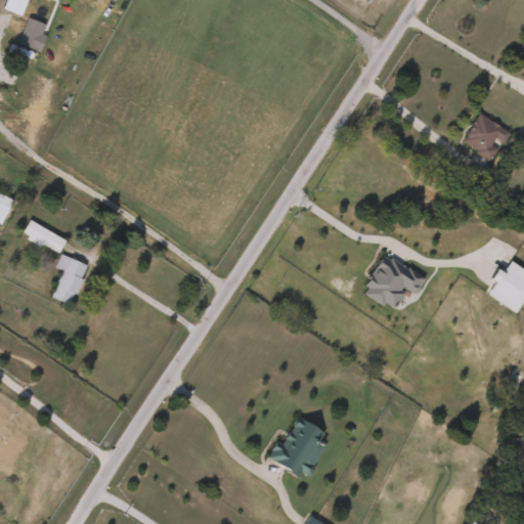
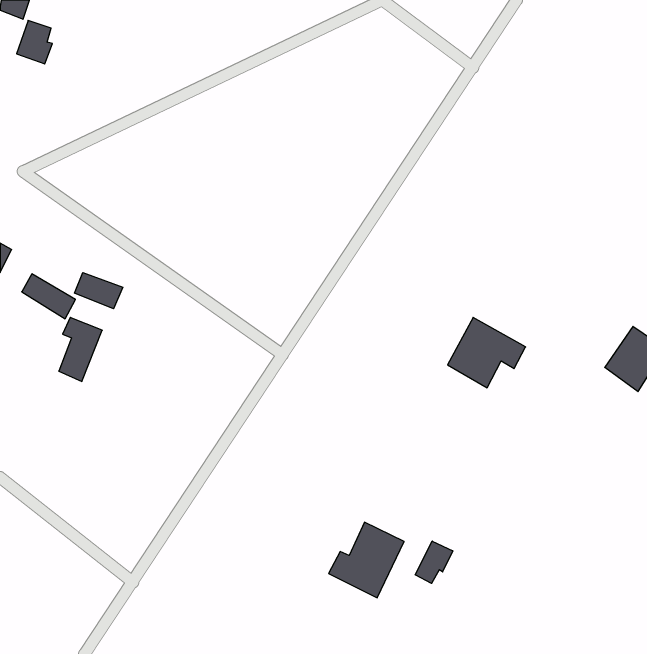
building: [463,114,510,161] -> none
building: none -> [75,273,123,309]
building: none -> [415,541,453,583]

